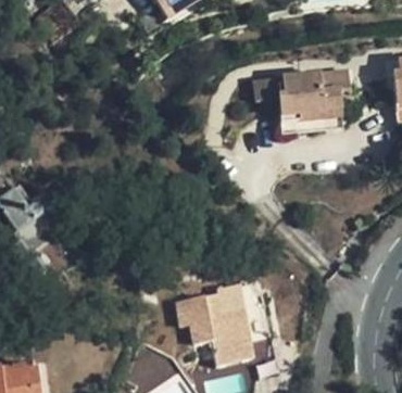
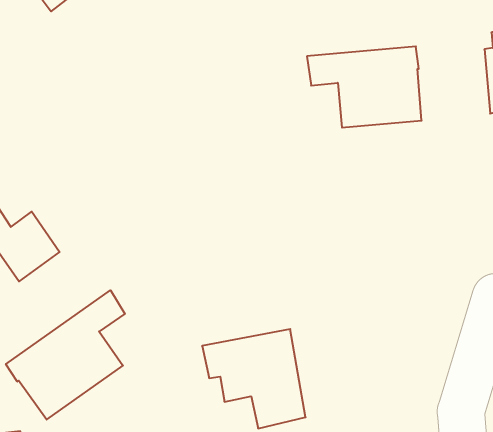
building: none -> [6,290,125,420]

